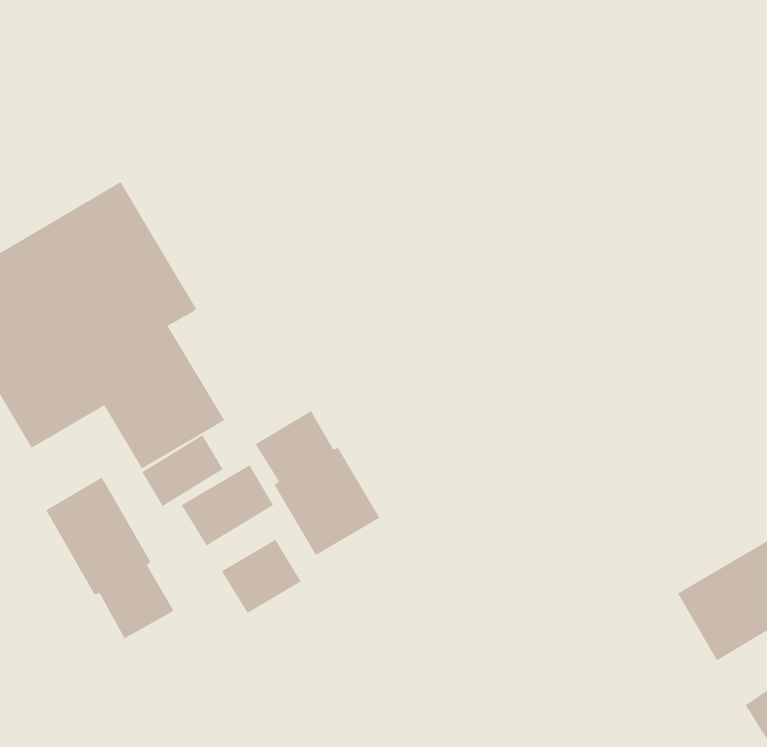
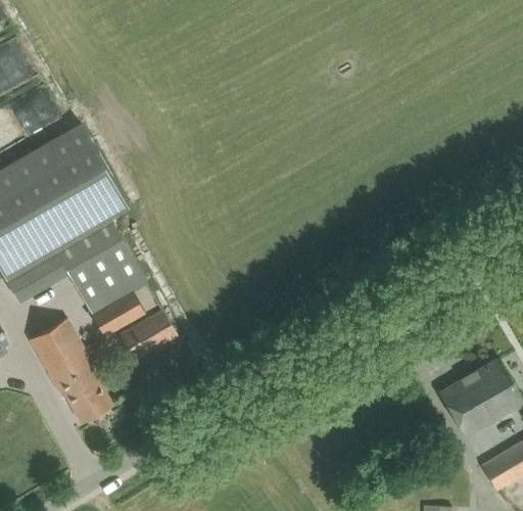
building: [255,410,380,556] -> none
building: [221,539,302,614] -> none

